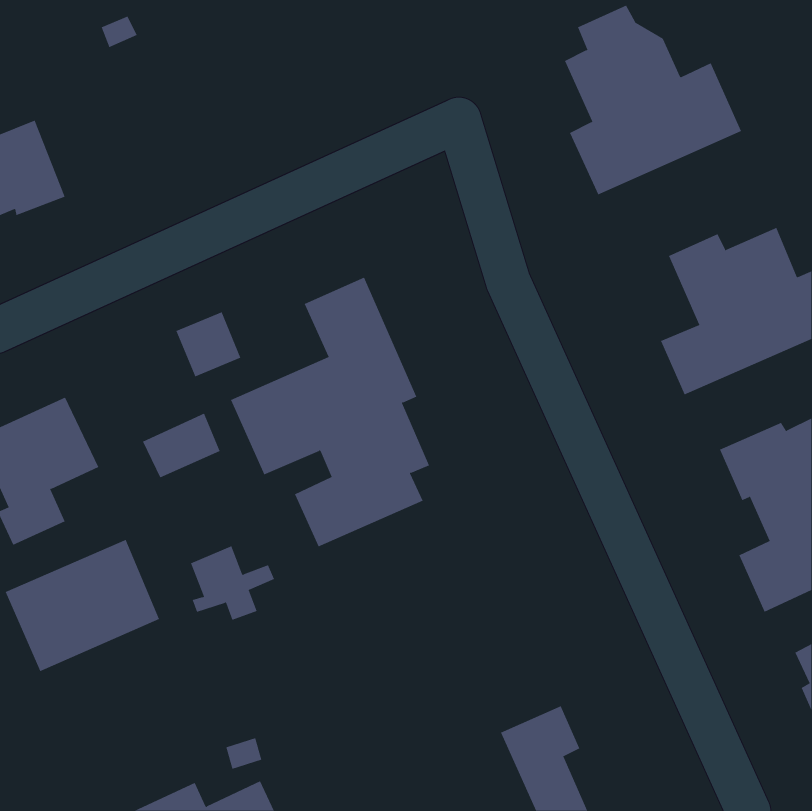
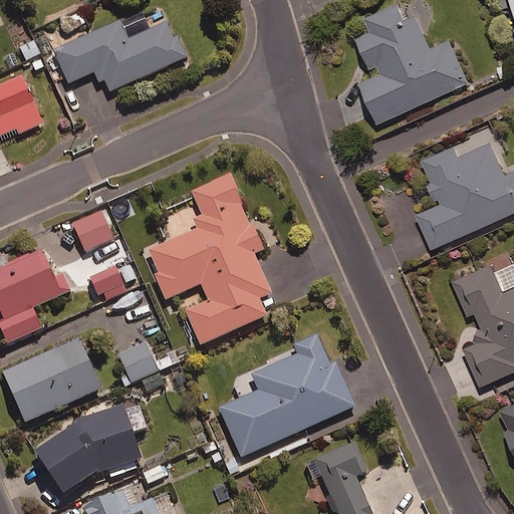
building: none -> [53,20,183,91]
building: [176,311,241,377] -> [72,209,113,250]
building: none -> [219,332,353,456]
building: none -> [36,397,148,496]

